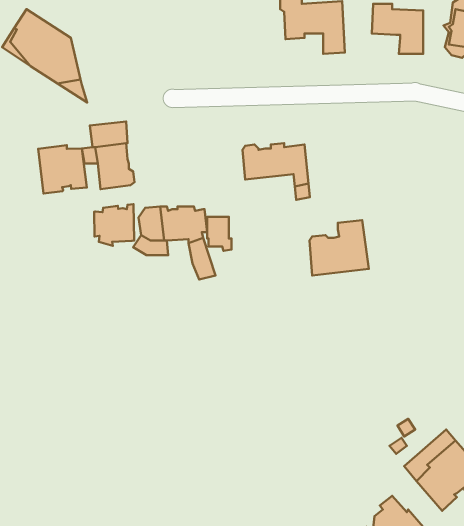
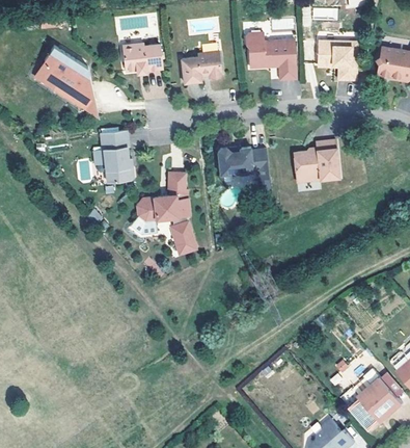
building: none -> [122,44,162,72]
building: none -> [187,51,227,82]
building: [38,145,87,194] -> none
building: [94,204,134,246] -> none
building: [207,217,232,251] -> [168,174,187,200]
building: [309,220,369,276] -> [294,140,339,183]

